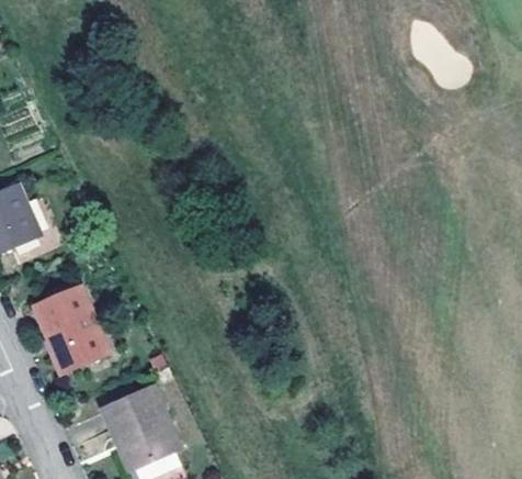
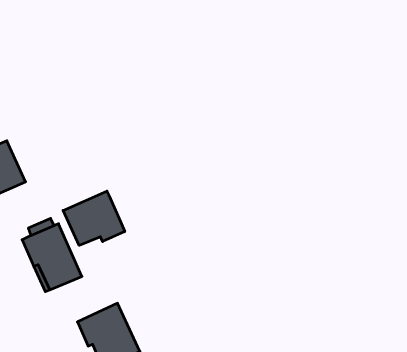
building: none -> [63,191,125,245]

